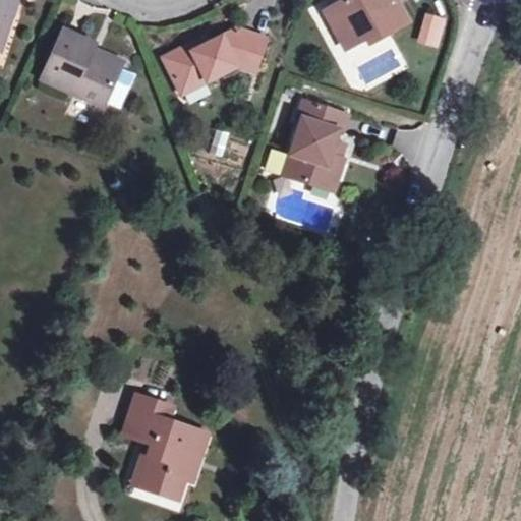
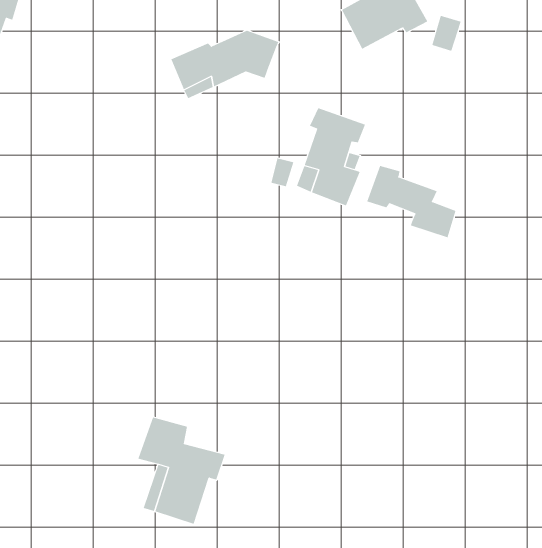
building: [40,32,120,107] -> none
building: none -> [367,165,456,238]

